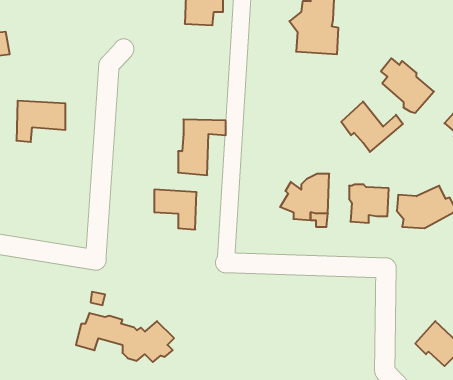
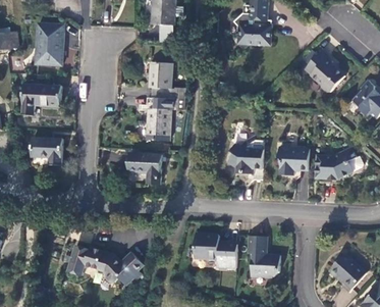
building: none -> [36,22,63,64]
building: none -> [149,61,184,98]
building: [341,101,403,152] -> none
building: none -> [32,137,62,163]
building: none -> [194,233,235,267]
building: none -> [248,236,279,276]

